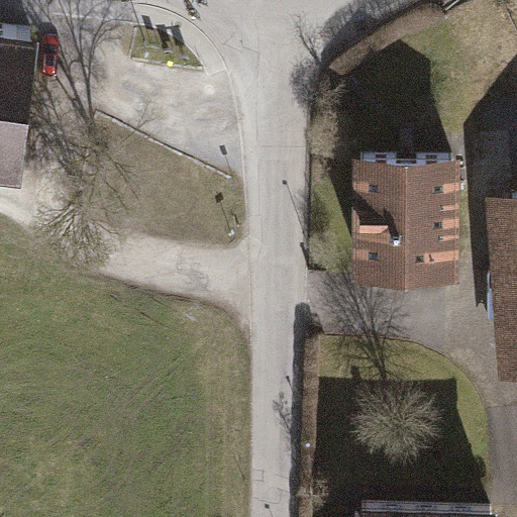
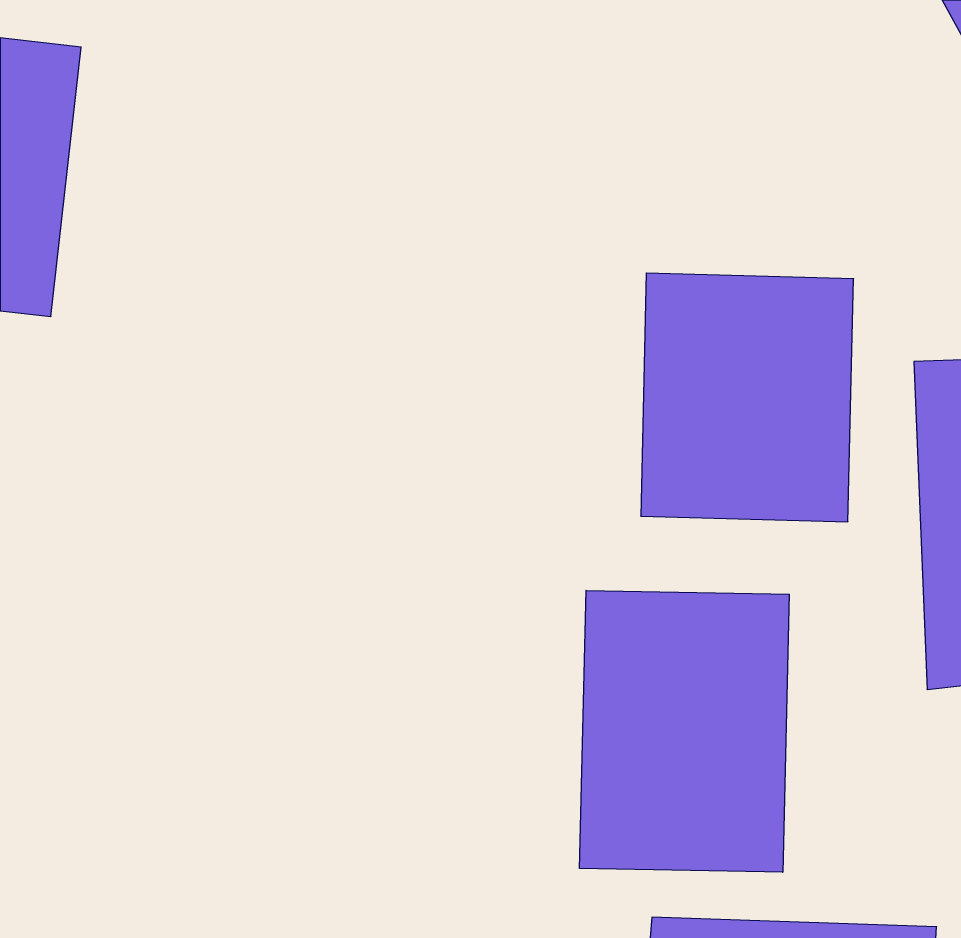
building: none -> [580,590,789,872]

